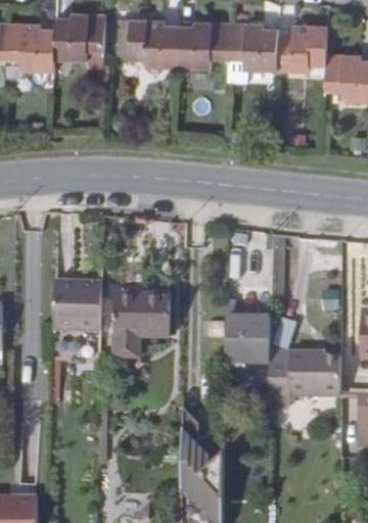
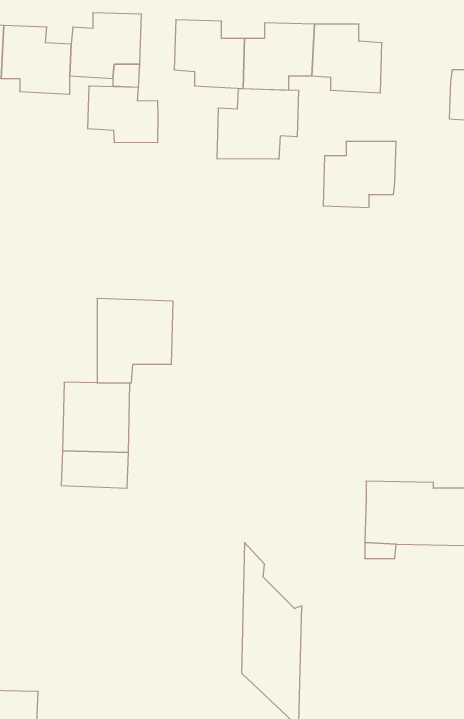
building: [279,26,331,73] -> [323,141,396,207]
building: none -> [88,86,158,143]
building: none -> [217,89,299,159]
building: [113,291,168,351] -> [97,298,173,383]
building: [224,317,270,361] -> none

